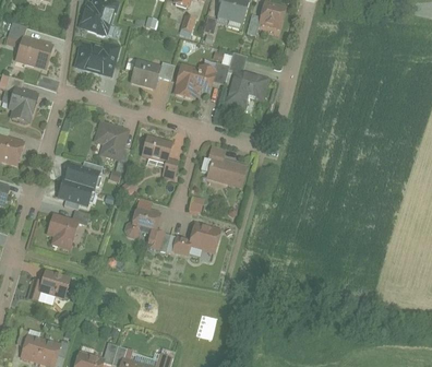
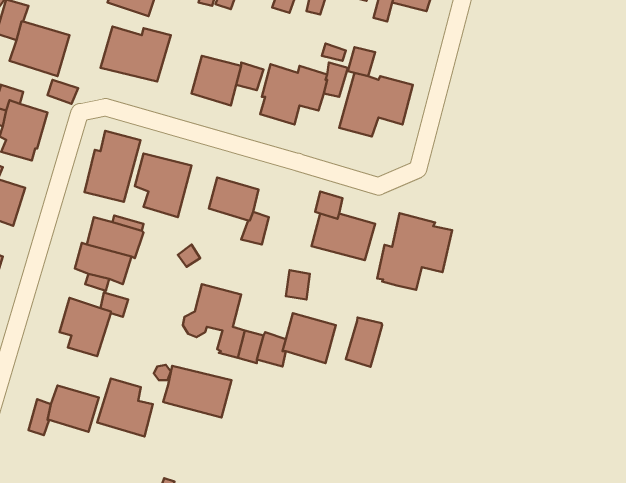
building: none -> [84,131,141,202]
building: none -> [377,213,452,290]
building: none -> [346,317,382,367]
building: none -> [163,366,231,417]
building: none -> [97,378,153,436]

